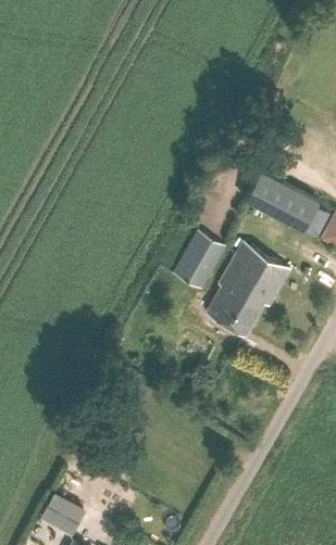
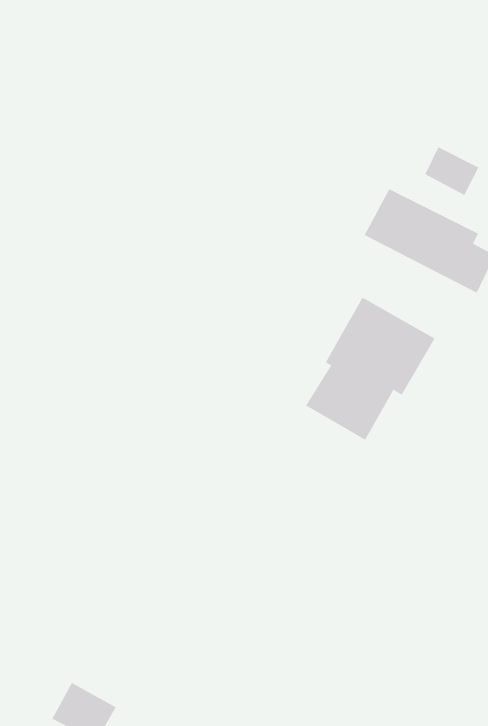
building: none -> [425,146,479,196]
building: [173,231,226,291] -> none

